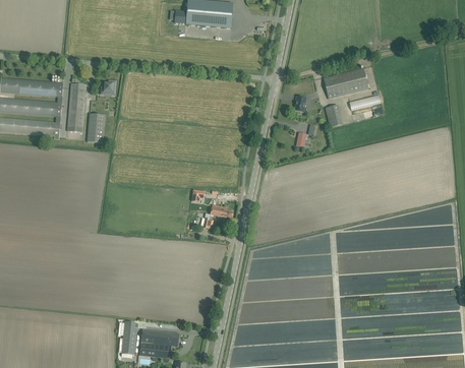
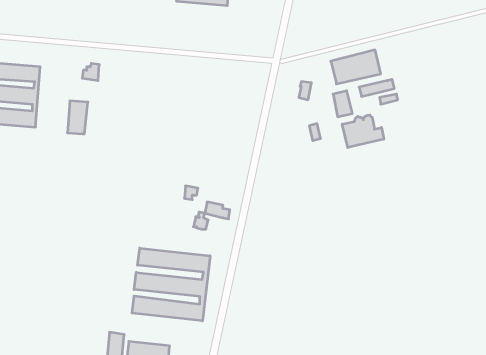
building: [67,83,85,131] -> none
building: none -> [342,115,384,148]
building: none -> [132,248,210,321]

